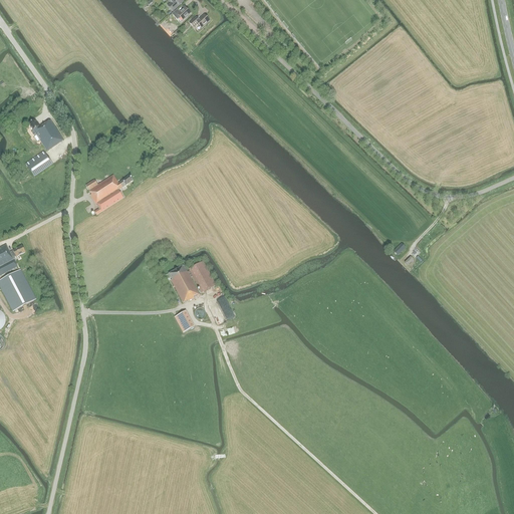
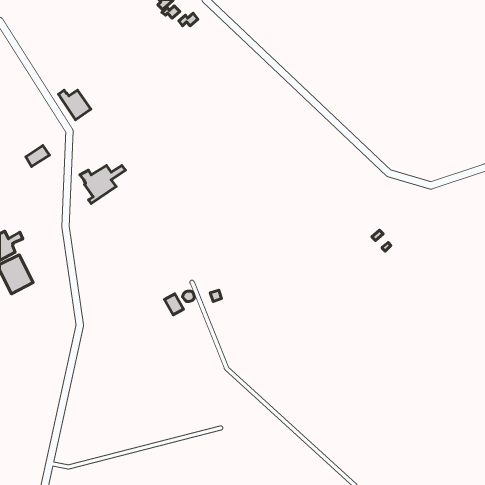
building: [28,119,62,151] -> [58,90,91,120]
building: [168,261,215,302] -> none

